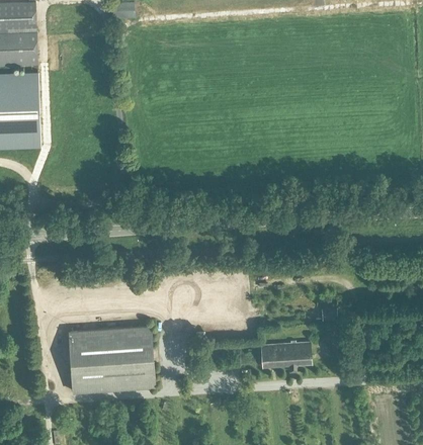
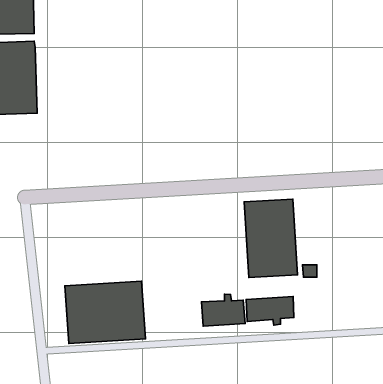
building: none -> [244,199,297,278]
building: none -> [201,294,245,326]

